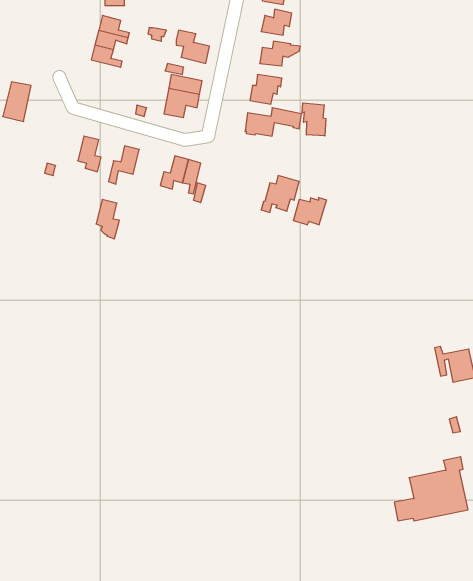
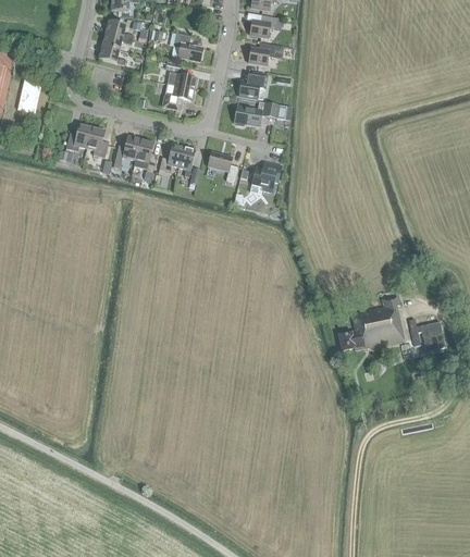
building: [302,103,326,136] -> none
building: none -> [66,123,92,151]
building: none -> [208,152,238,183]
building: [294,197,327,225] -> none
building: [96,199,119,239] -> [136,138,157,173]
building: [394,457,468,521] -> [337,294,403,350]

